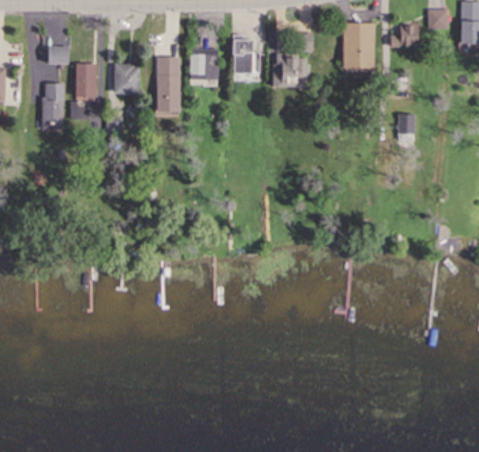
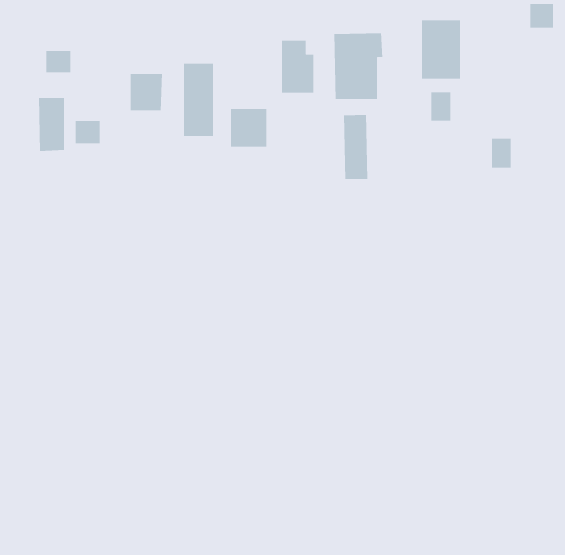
building: [390,25,418,48] -> none
building: [189,49,218,80] -> [230,108,267,148]
building: [75,65,95,99] -> none
building: none -> [431,91,451,122]
building: none -> [343,114,368,180]

